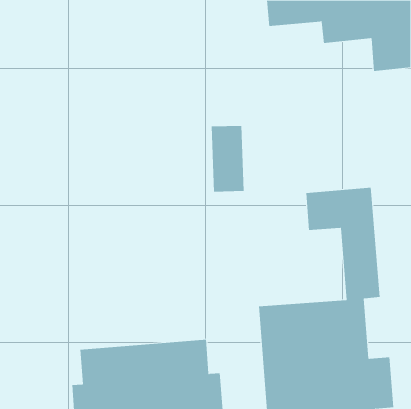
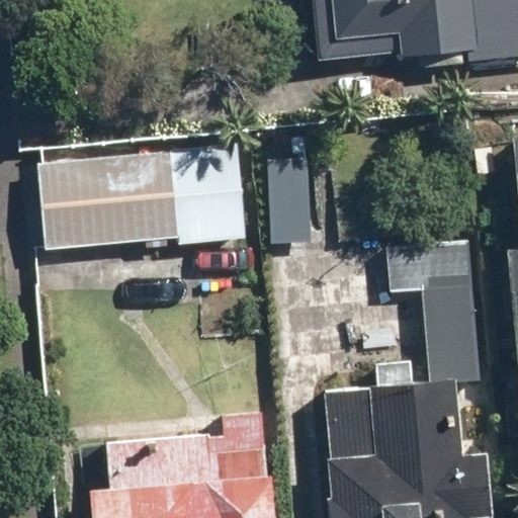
building: none -> [34,144,245,250]

